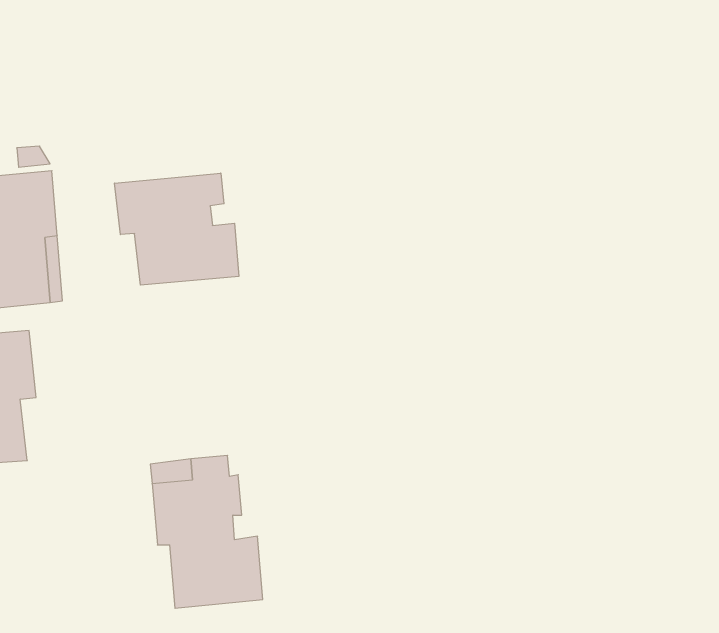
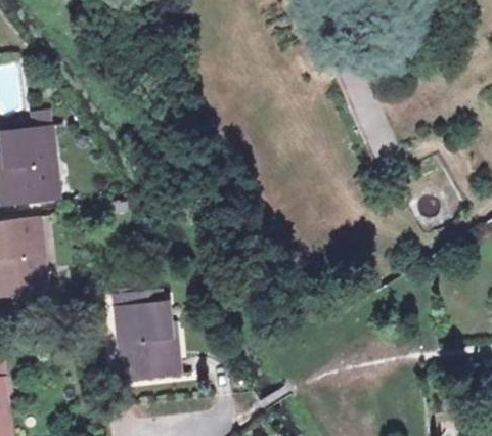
building: [115,173,239,285] -> none

